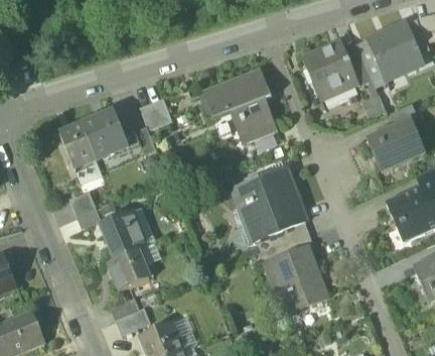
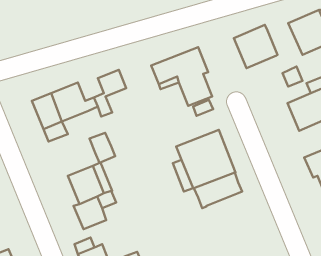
building: [343,40,386,86] -> none
building: [69,192,101,228] -> [89,133,115,163]
building: [270,246,328,312] -> none

